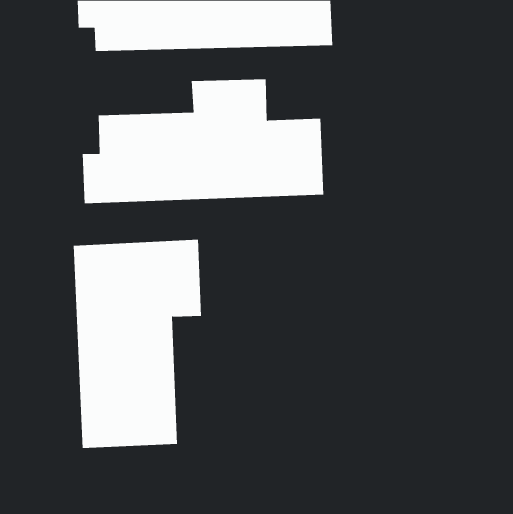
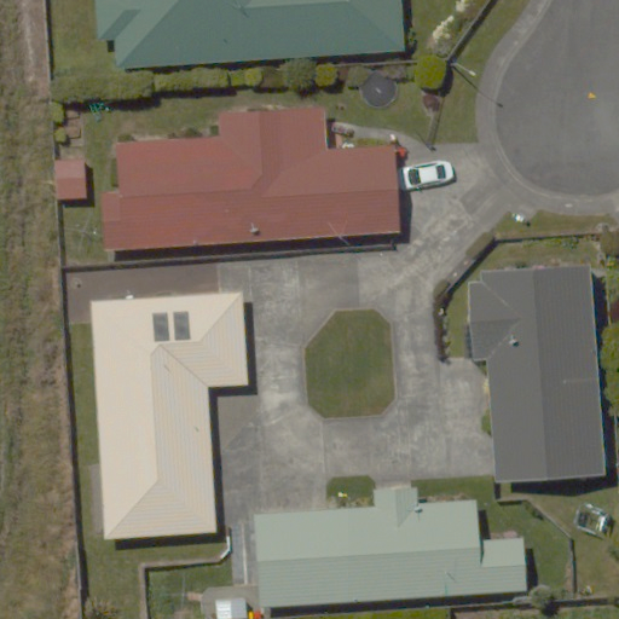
building: none -> [474,274,601,478]
building: none -> [255,499,525,601]

